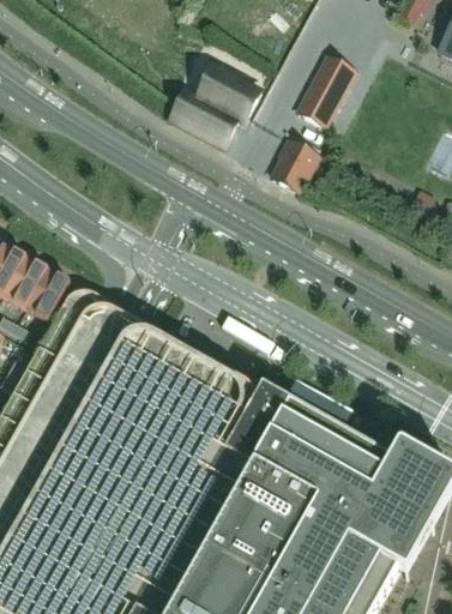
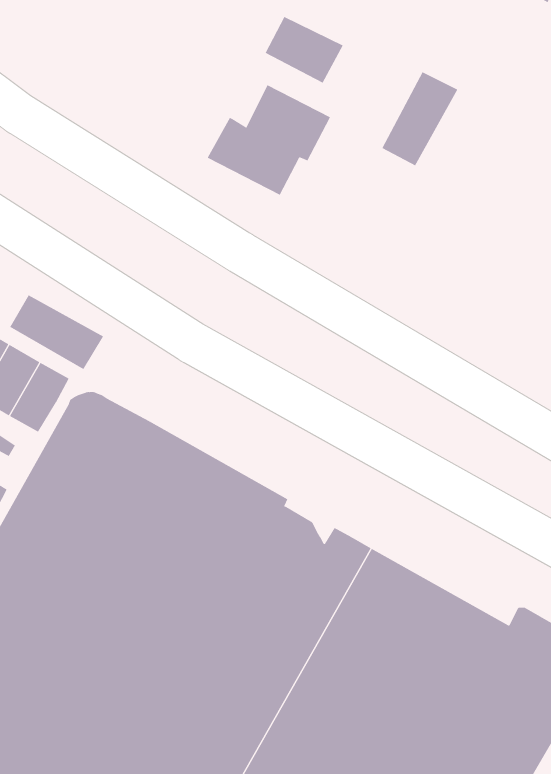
building: none -> [265,16,344,84]
building: [272,139,319,191] -> none
building: none -> [9,294,104,370]

